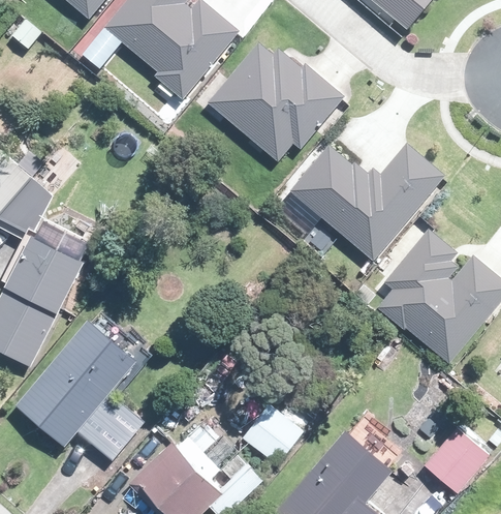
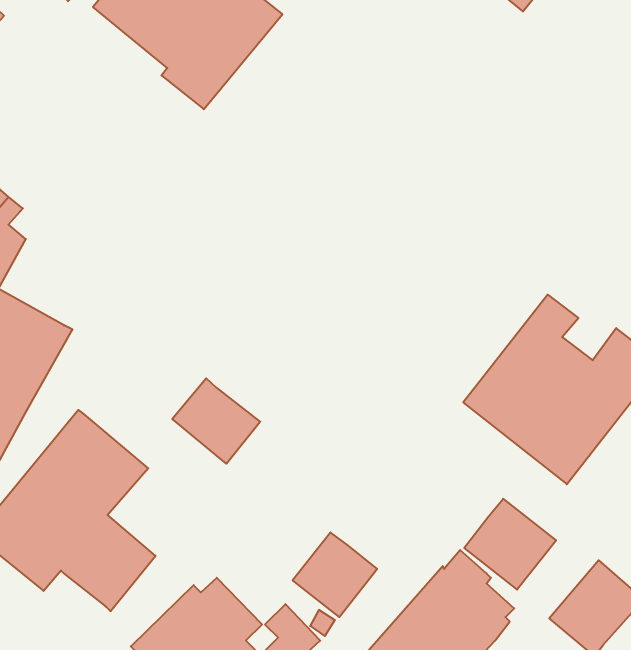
building: [193,34,348,173] -> none
building: [292,148,445,261] -> none
building: none -> [172,378,260,464]
building: none -> [464,499,556,590]

